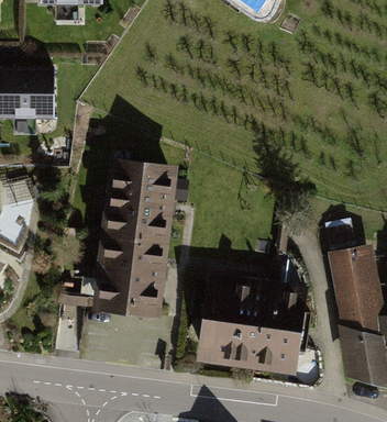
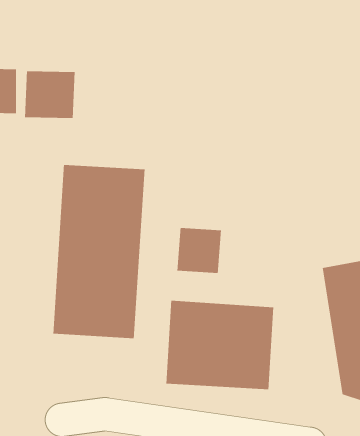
building: none -> [24,71,75,119]
building: none -> [176,227,222,274]

